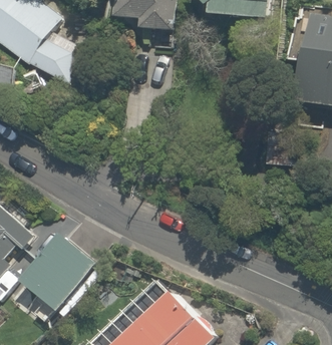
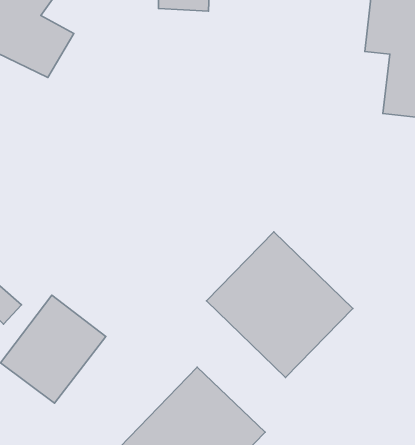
building: none -> [206,232,353,377]

